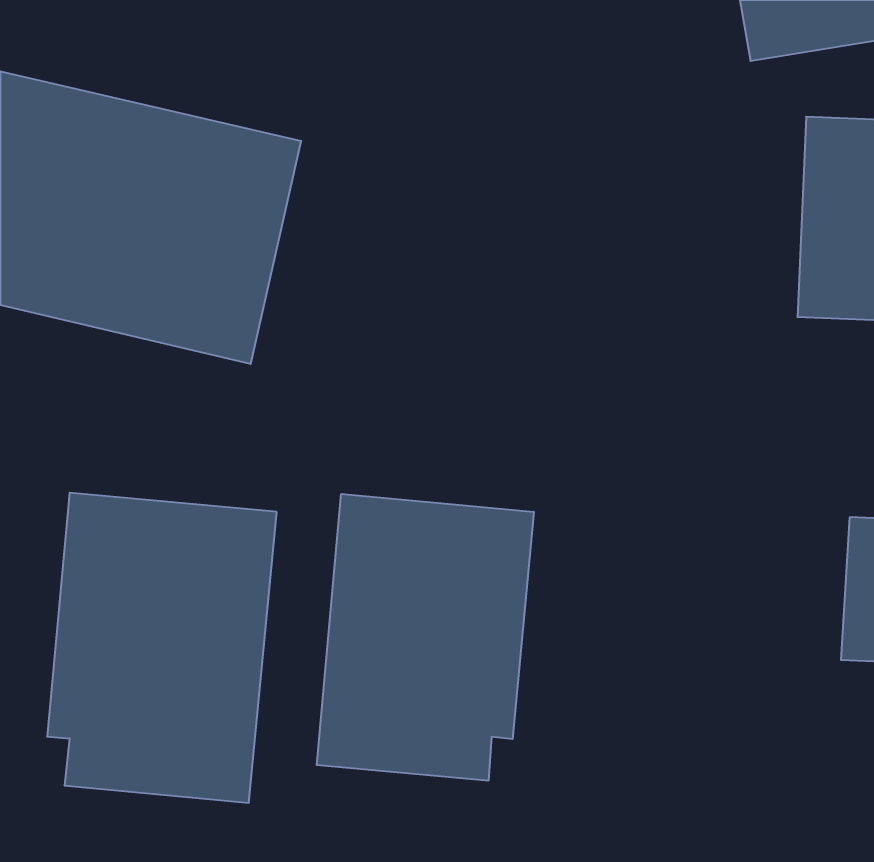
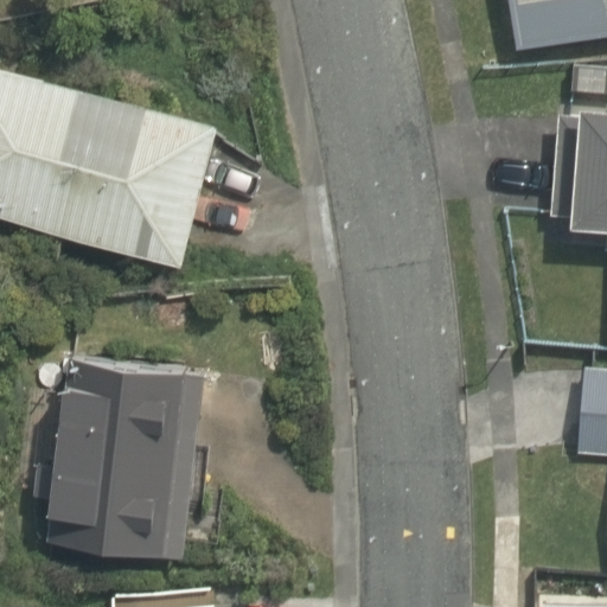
building: [317,494,534,781] -> none

